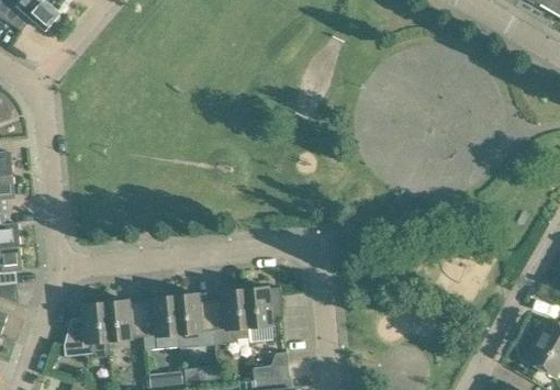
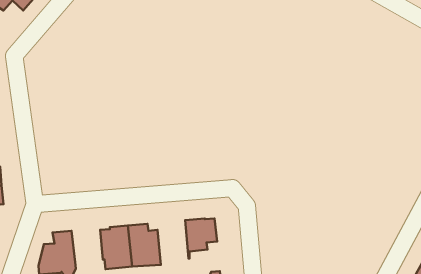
building: [209,289,247,344] -> none
building: [103,300,142,341] -> none

